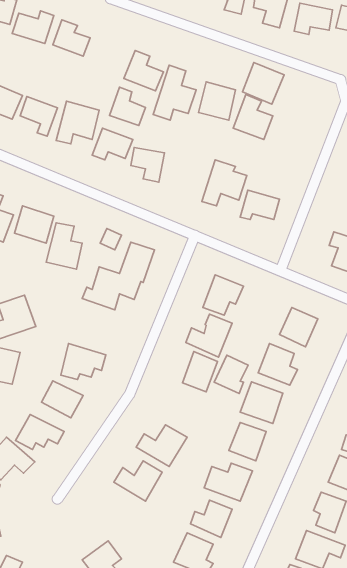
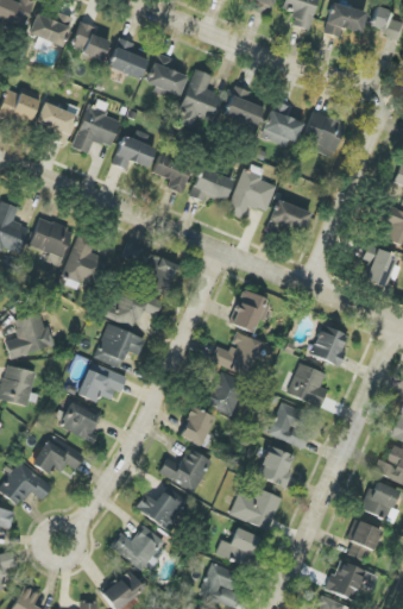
building: [242,62,284,104] -> [301,112,345,156]
building: [109,87,145,126] -> [108,38,146,79]
building: none -> [188,167,232,202]
building: none -> [93,324,145,369]
building: [214,355,248,393] -> [178,407,214,447]
building: none -> [109,525,164,573]

